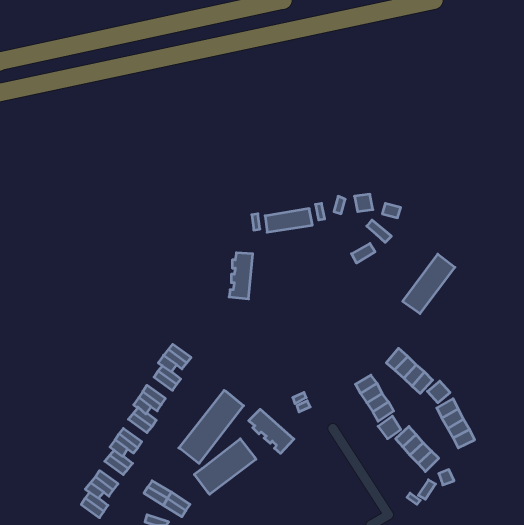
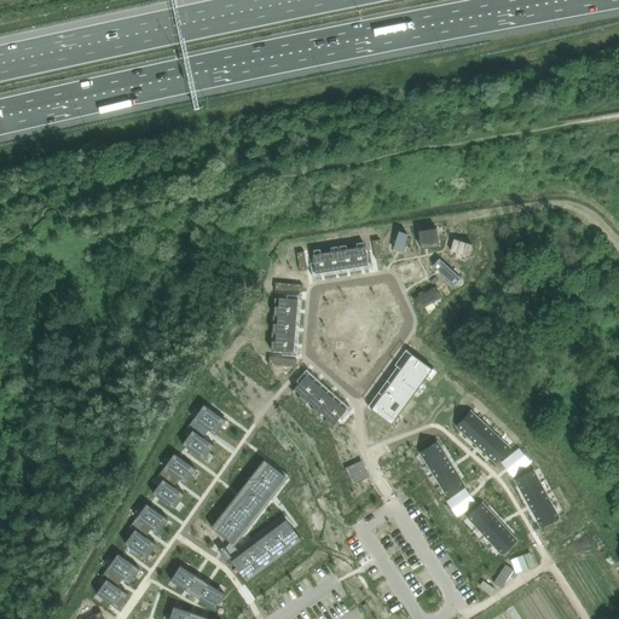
building: [403,254,455,314] -> [370,353,432,423]
building: [249,409,294,453] -> [293,375,346,427]

